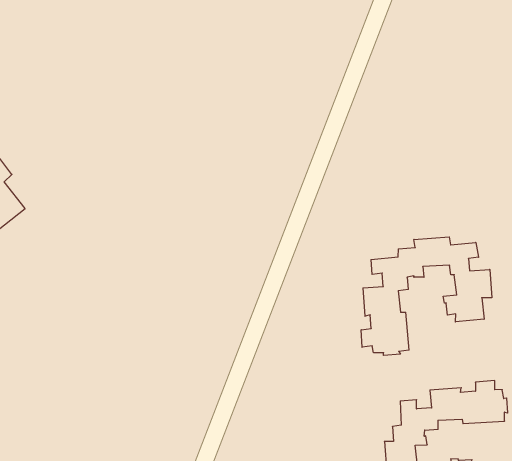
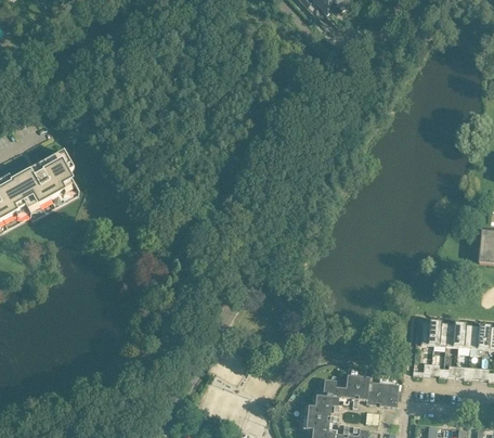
building: [361,237,492,355] -> none

